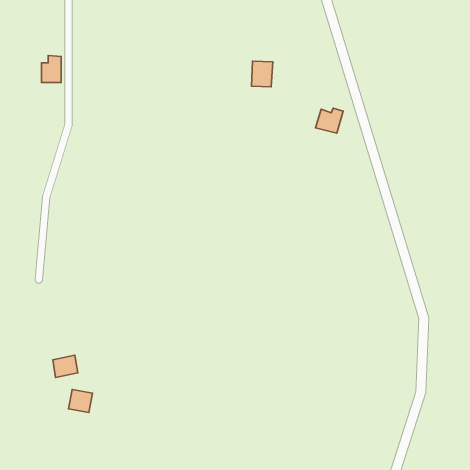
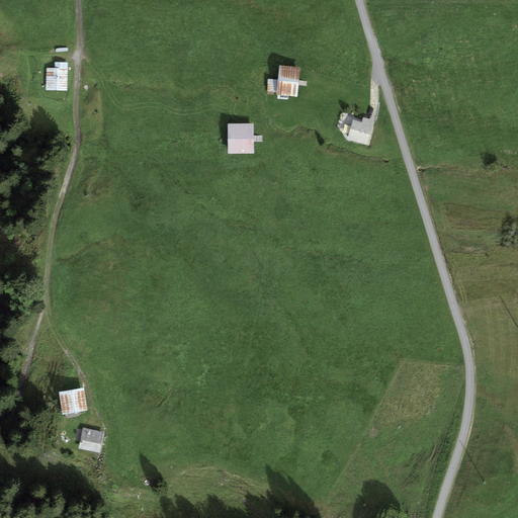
building: none -> [226,123,253,153]

